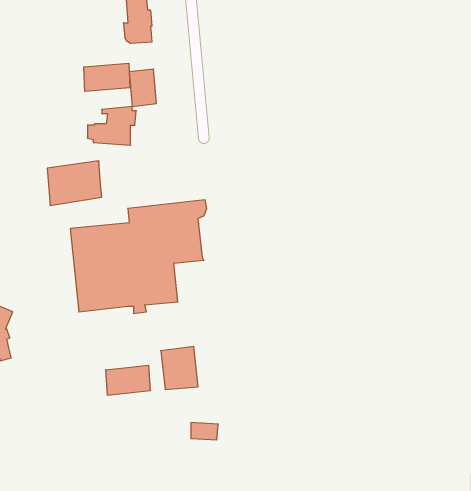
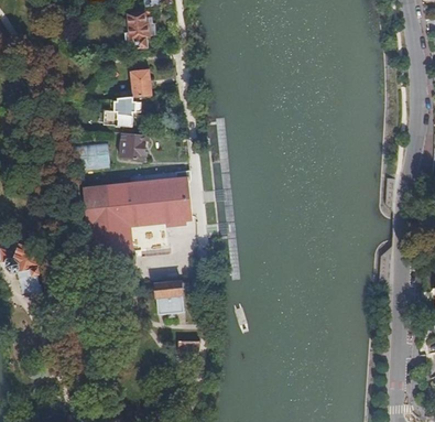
building: [84,63,130,91] -> none
building: none -> [120,132,145,158]
building: [106,365,150,395] -> none

